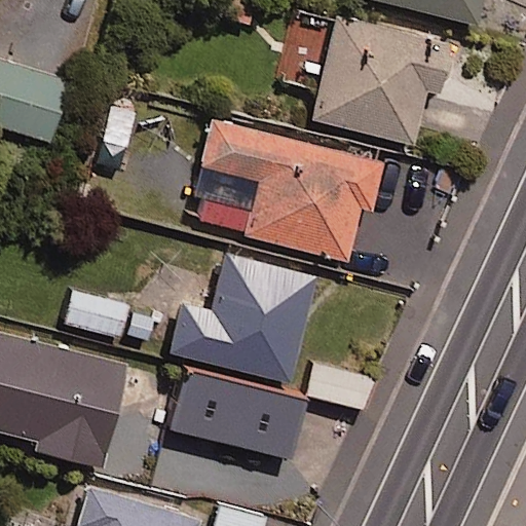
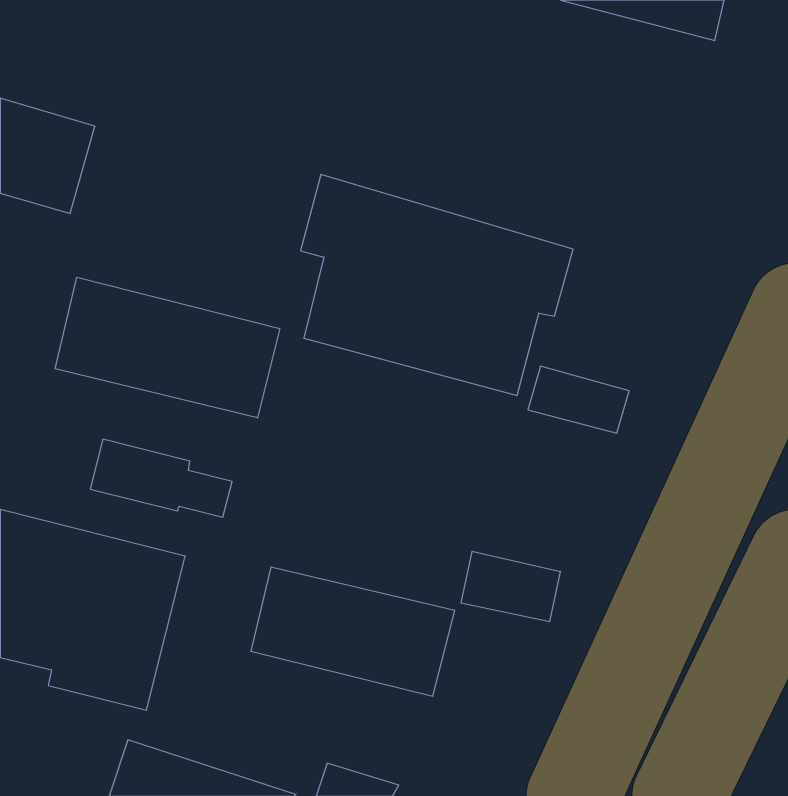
building: [279,12,451,144] -> none
building: none -> [55,277,280,418]
building: [171,258,315,382] -> none

